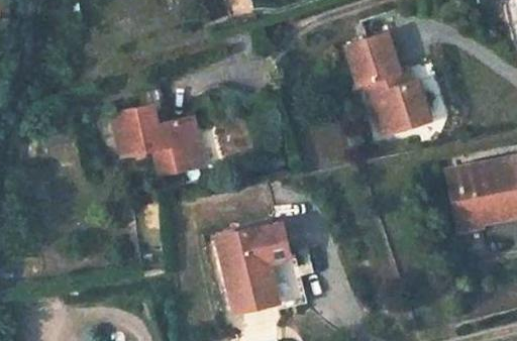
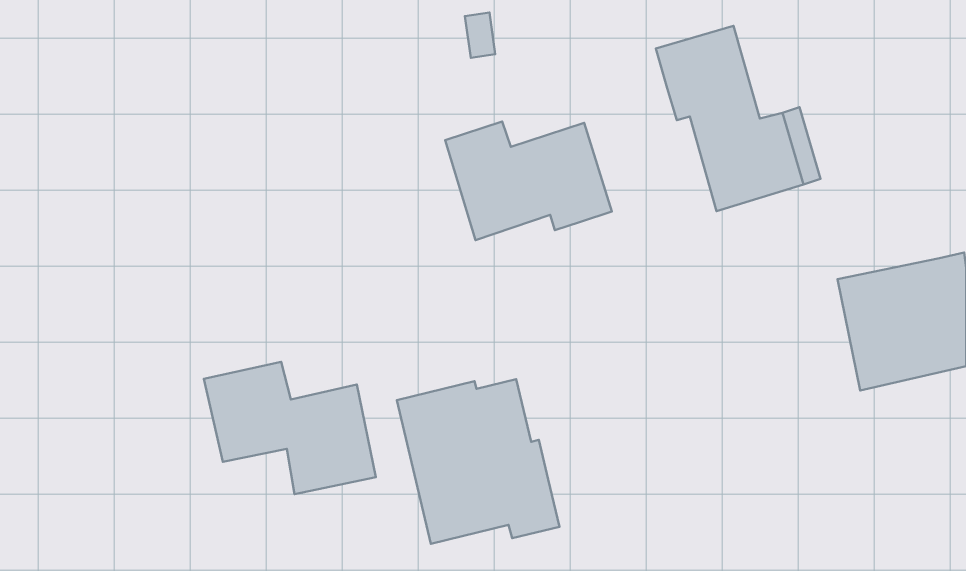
building: none -> [445,122,612,240]
building: [110,105,202,176] -> [204,362,376,494]

